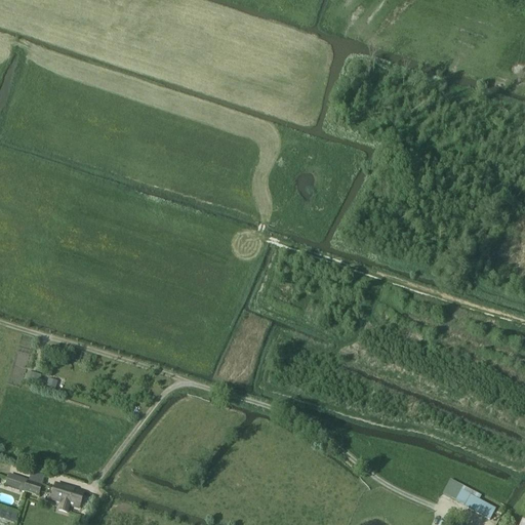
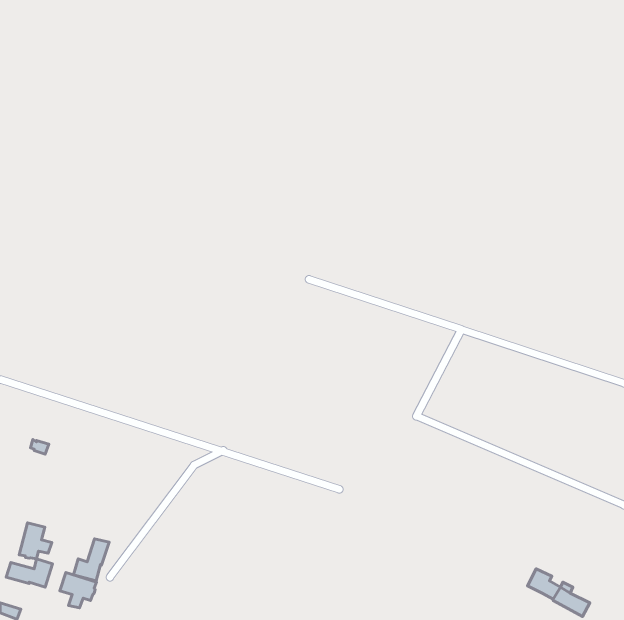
building: none -> [19,523,52,559]
building: none -> [74,539,109,581]

